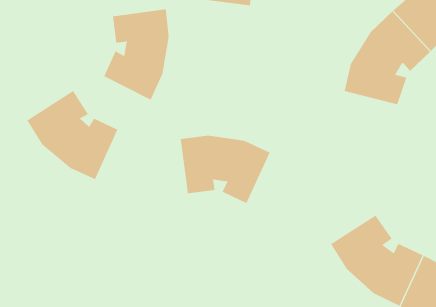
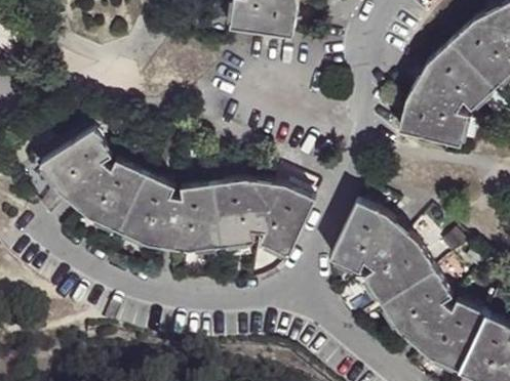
building: [103,9,169,100] -> none
building: none -> [118,174,221,251]
building: none -> [330,202,432,302]

